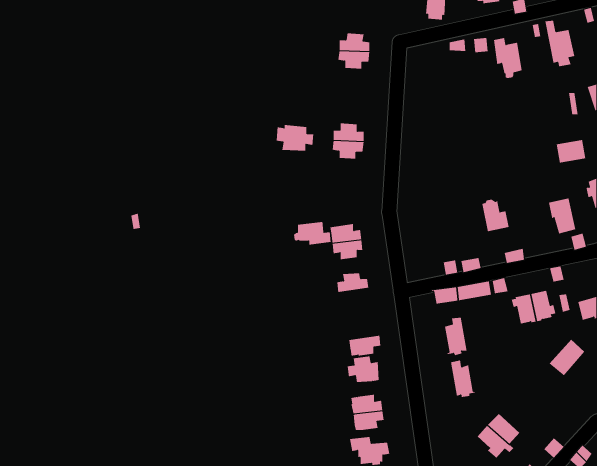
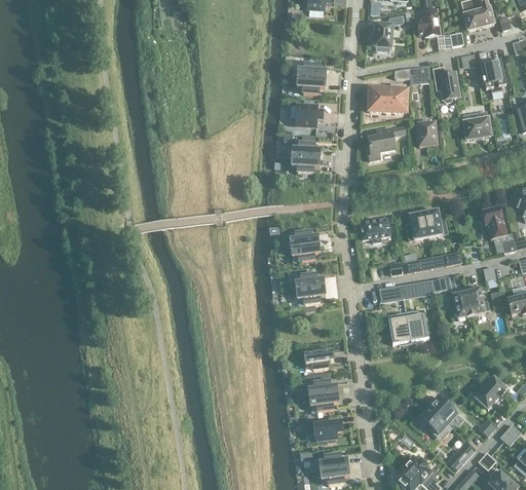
building: none -> [369,83,407,111]
building: none -> [415,121,437,145]
building: none -> [368,124,406,159]
building: [276,124,314,151] -> [290,102,324,125]
building: [556,140,586,163] -> [464,117,491,138]
building: none -> [407,211,428,239]
building: none -> [360,218,390,241]
building: [294,221,331,246] -> none
building: [349,335,381,356] -> [297,286,326,304]
building: [549,339,585,376] -> [475,376,506,409]
building: [450,360,476,397] -> [406,309,428,342]

